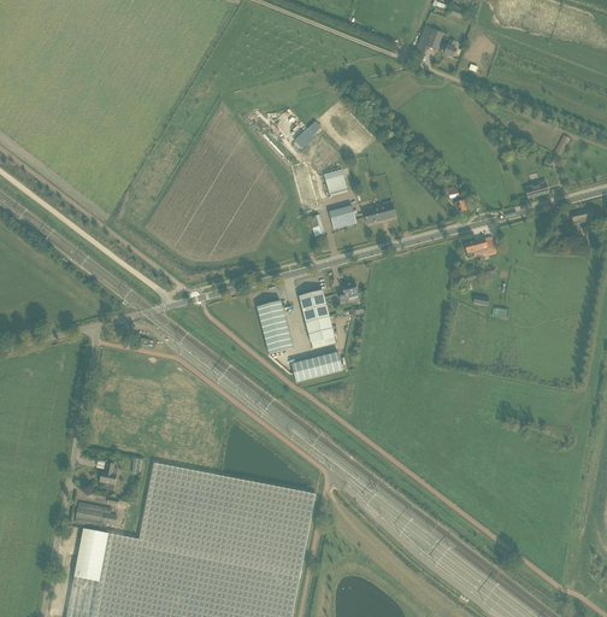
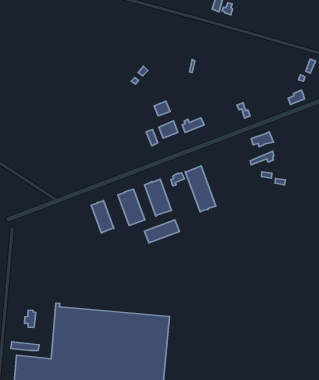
building: none -> [185,166,216,212]
building: none -> [91,201,114,233]

